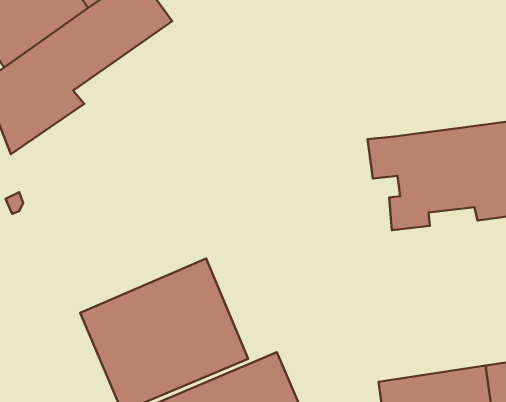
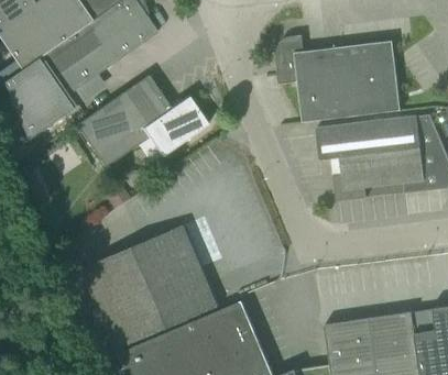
building: none -> [277,34,401,122]
building: none -> [76,75,208,167]

